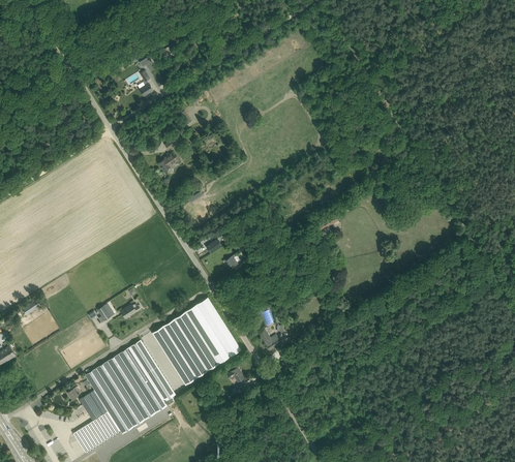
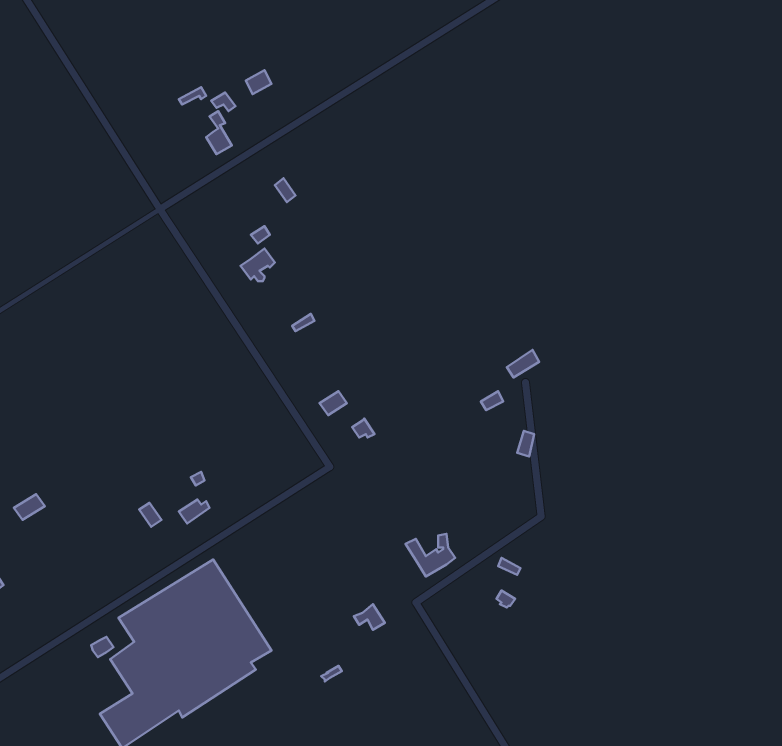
building: [152,297,242,387] -> none

